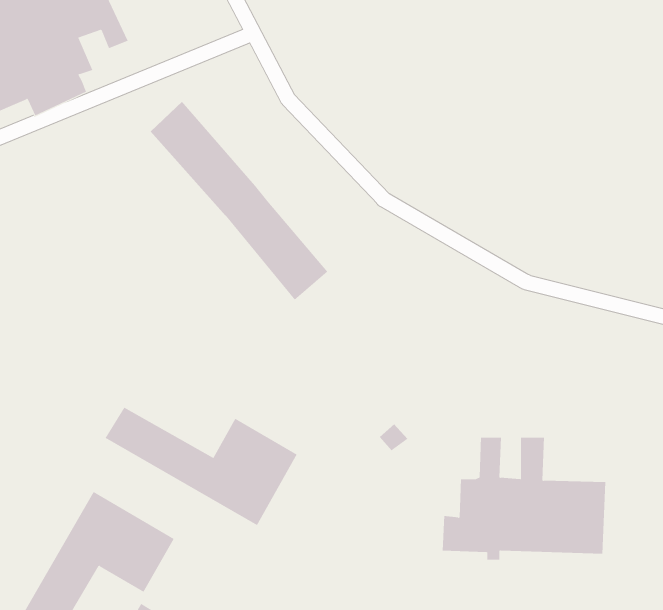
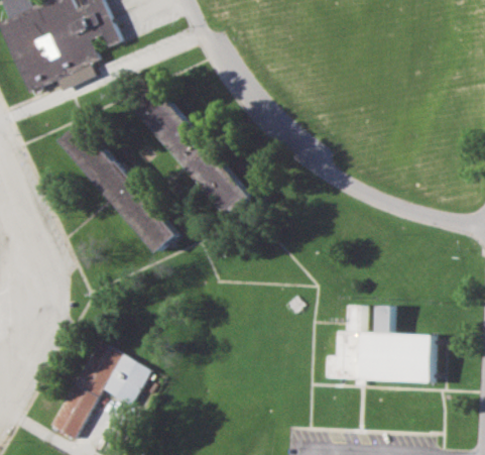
building: none -> [60,118,175,250]
building: [105,407,298,526] -> none

